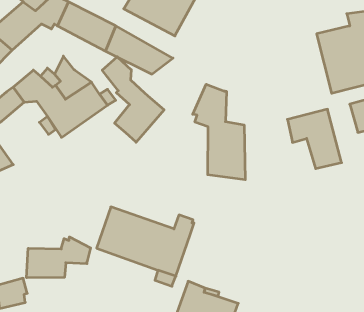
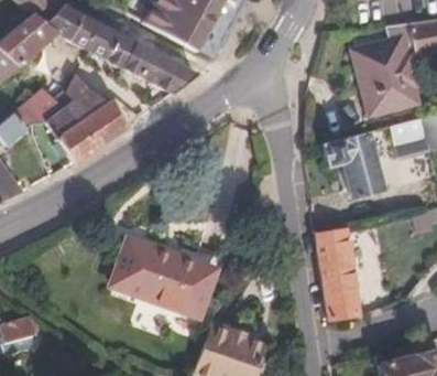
building: [102,57,164,142] -> none
building: [193,84,245,180] -> none
building: none -> [316,228,359,319]
building: [27,237,91,278] -> none

